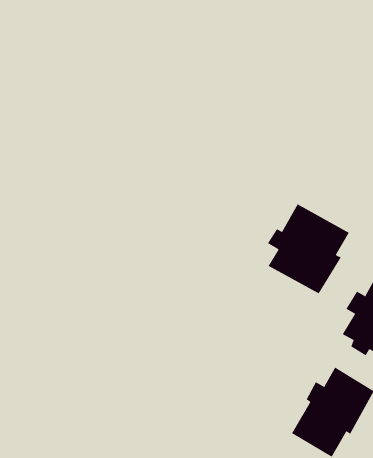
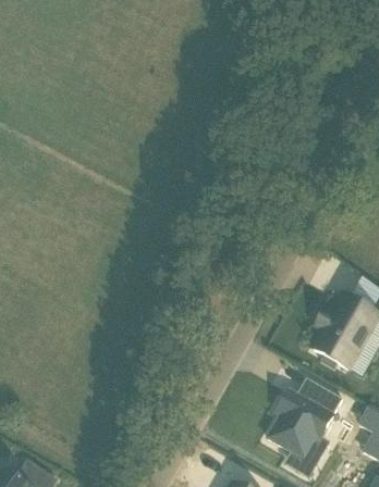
building: [267,204,349,294] -> none

